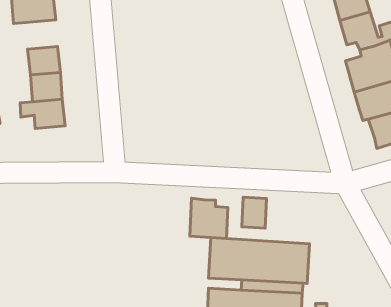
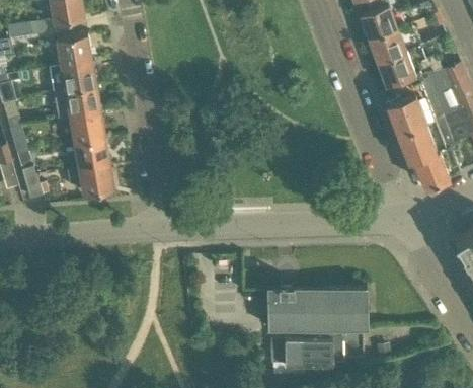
building: none -> [54,87,99,121]
building: [242,197,267,228] -> none
building: [190,198,228,238] -> none

